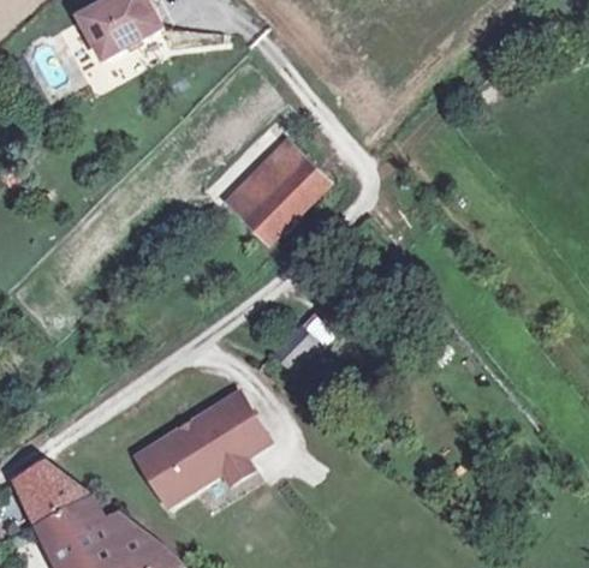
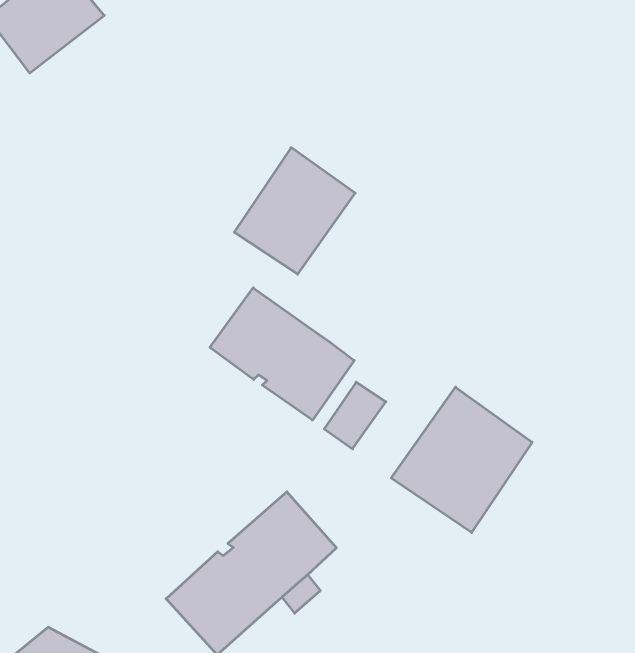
building: none -> [210,288,354,420]
building: none -> [391,387,532,533]

